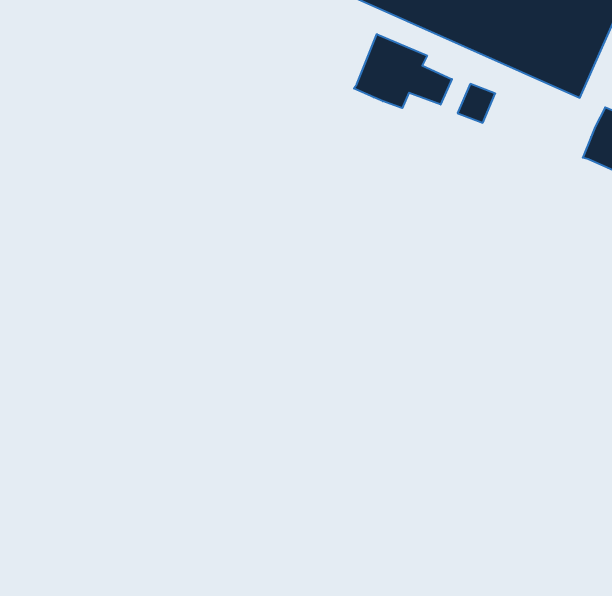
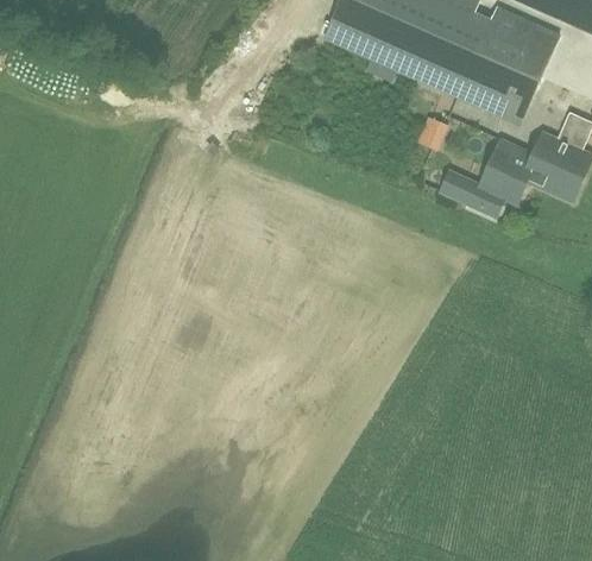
building: [354,34,452,108] -> none
building: none -> [440,137,533,219]

